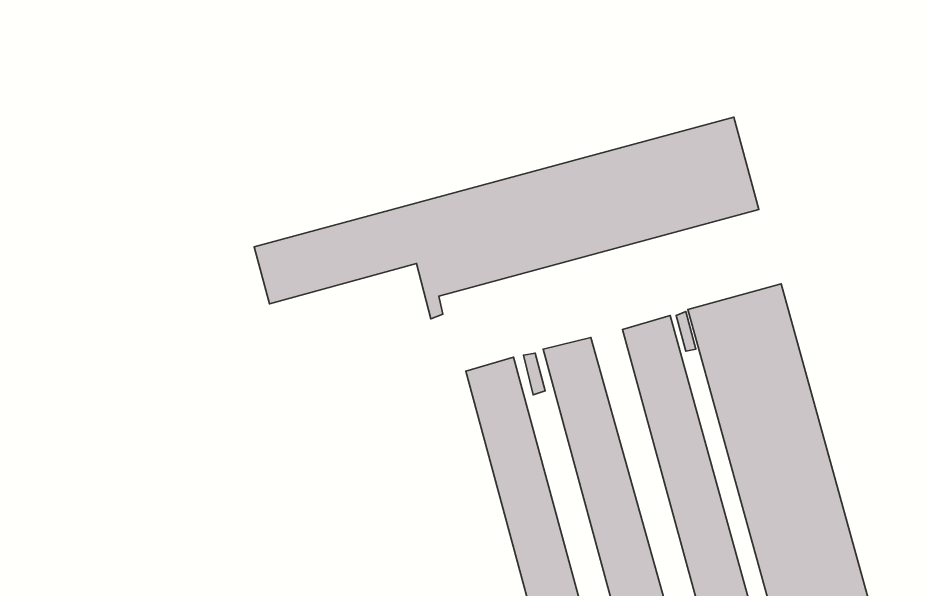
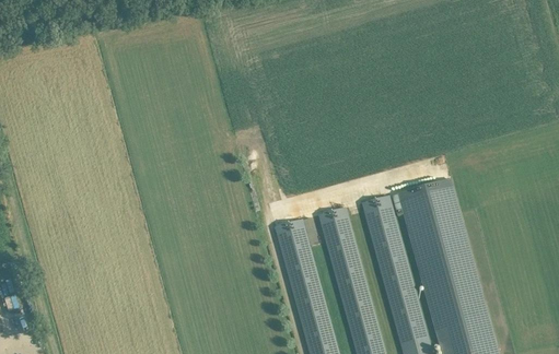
building: [254,117,759,319] -> none

